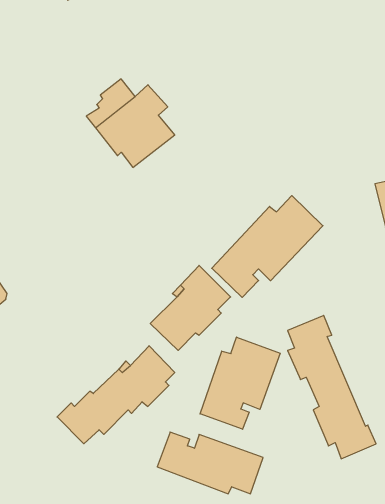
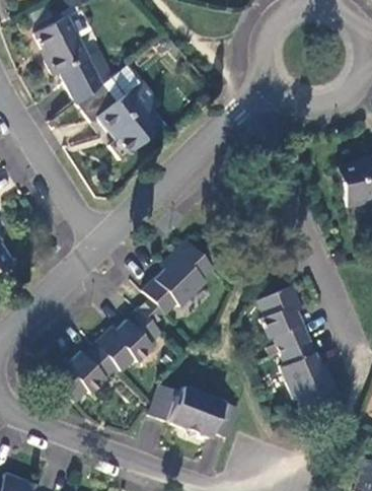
building: none -> [35,17,100,103]
building: [212,196,323,297] -> none
building: [200,337,280,429] -> none

